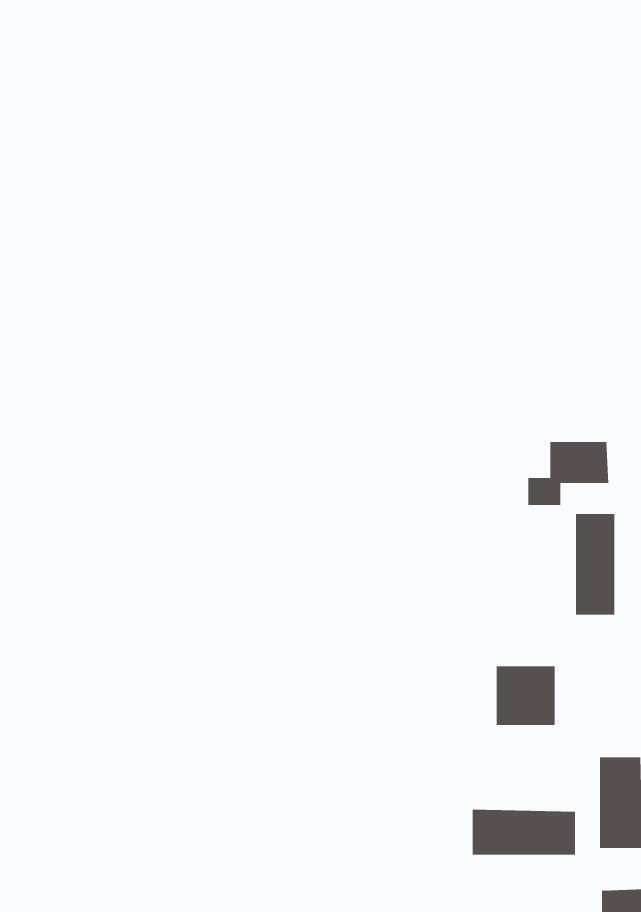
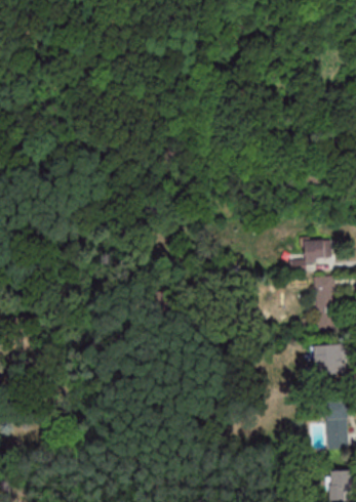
building: [496,666,556,726] -> [311,344,342,375]
building: [472,809,575,855] -> none

